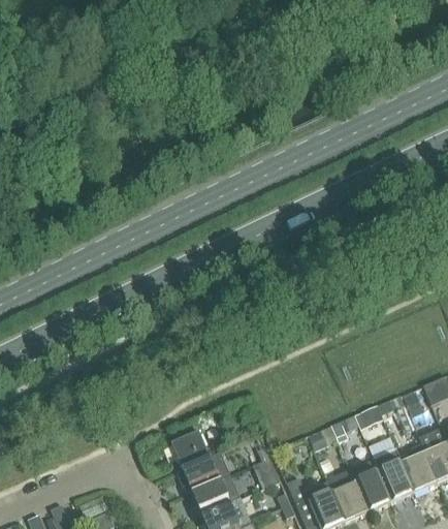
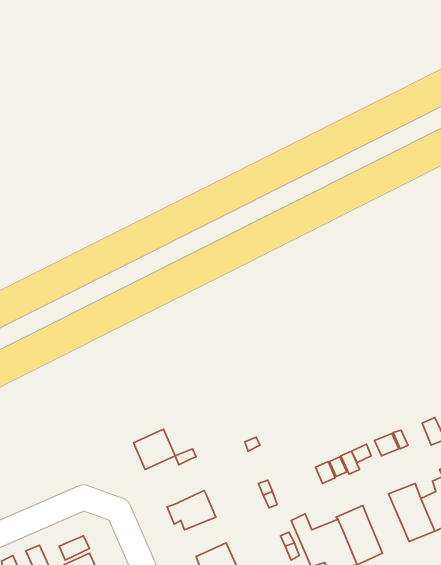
building: [172,433,210,469] -> [133,429,175,470]
building: [351,460,392,512] -> none
building: [192,475,241,516] -> none

